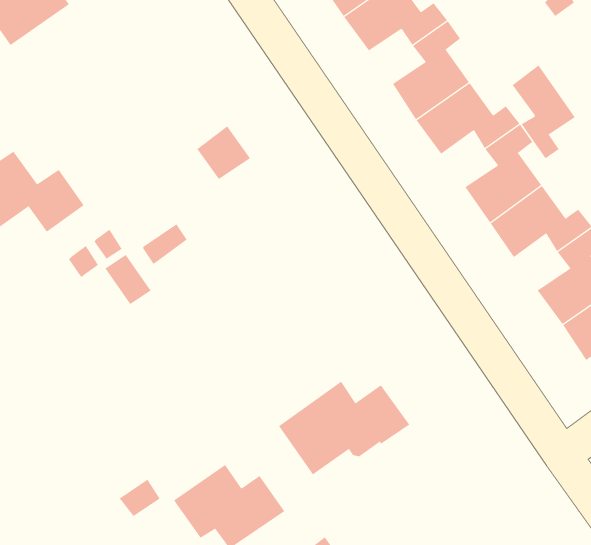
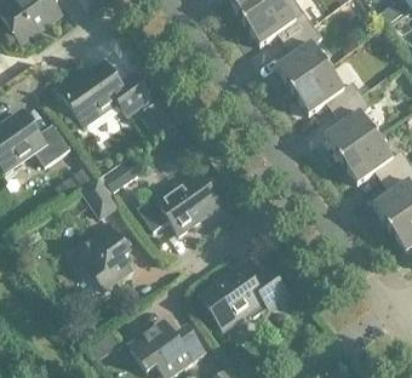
building: [512,65,575,159] -> none
building: none -> [57,61,153,125]
building: none -> [137,172,222,234]
building: none -> [73,222,127,287]

